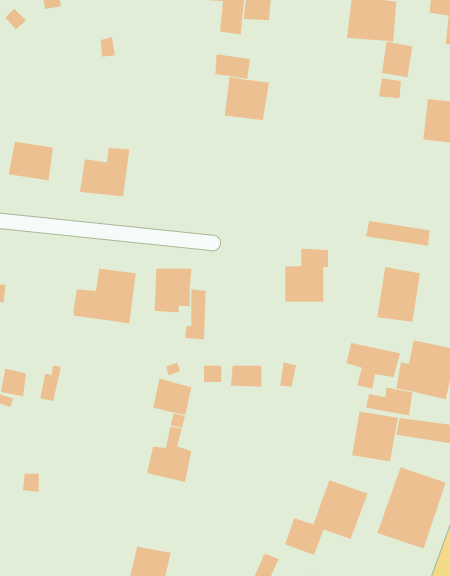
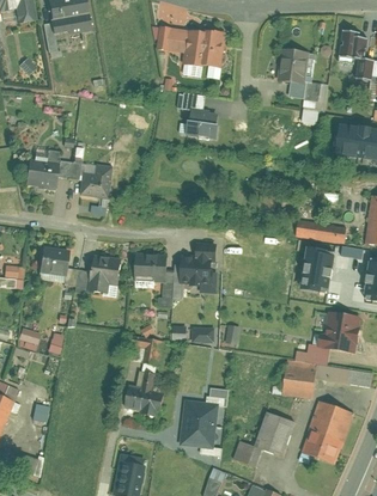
building: [284,248,329,302] -> [181,241,214,282]
building: none -> [37,244,74,283]
building: [346,342,401,389] -> none
building: none -> [181,399,219,448]

